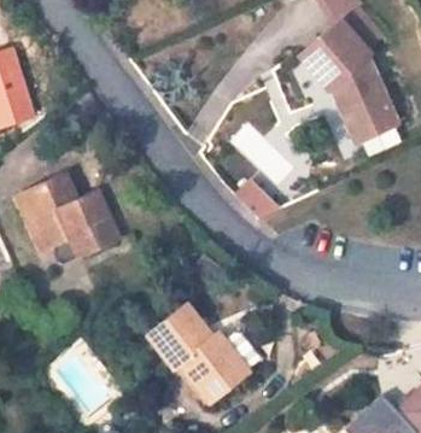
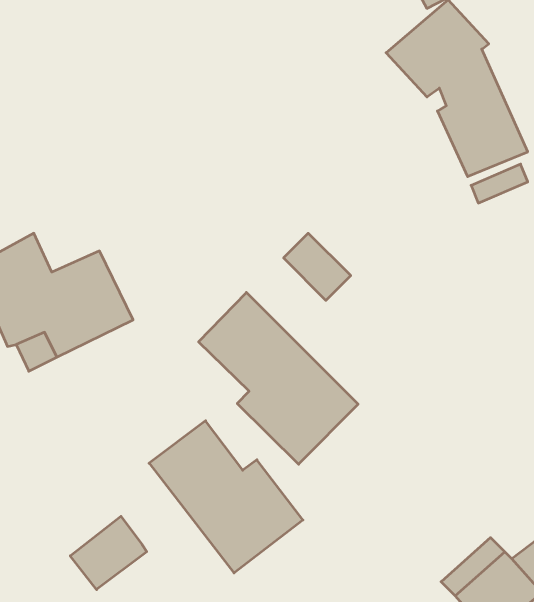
building: none -> [199,292,358,464]
building: none -> [70,516,147,590]

